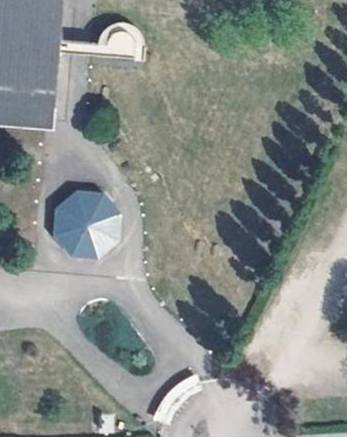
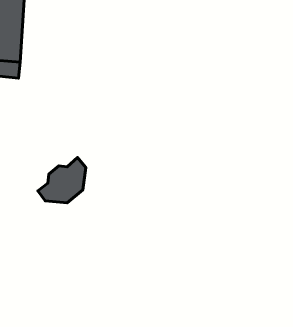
building: [56,203,105,247] -> none

